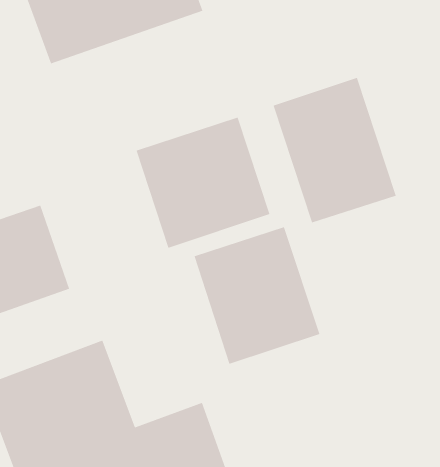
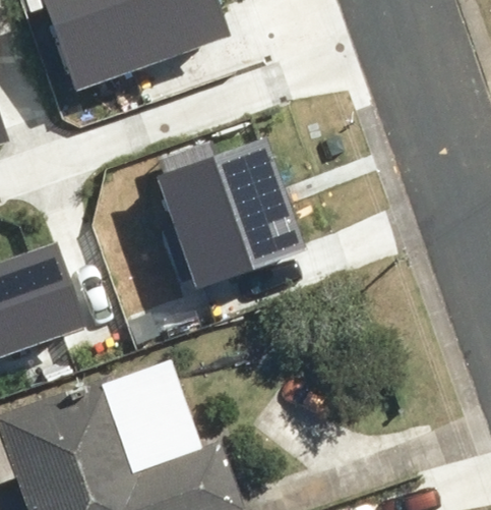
building: [273,77,397,224] -> none
building: [193,226,321,365] -> none

